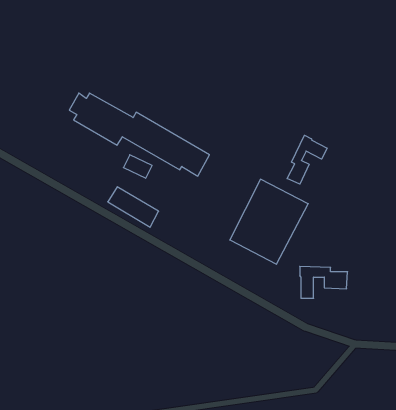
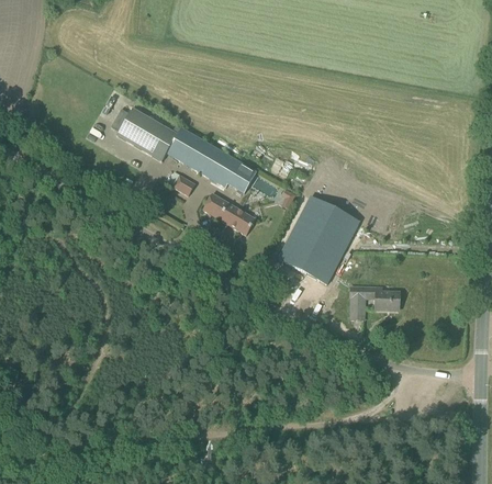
building: [287,135,327,184] -> none
building: [108,187,159,227] -> [203,193,256,235]

